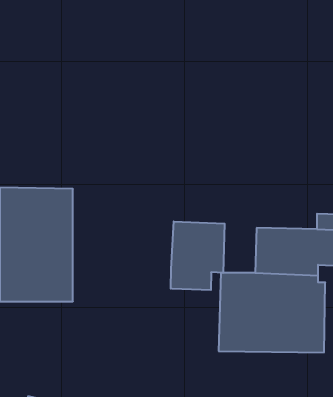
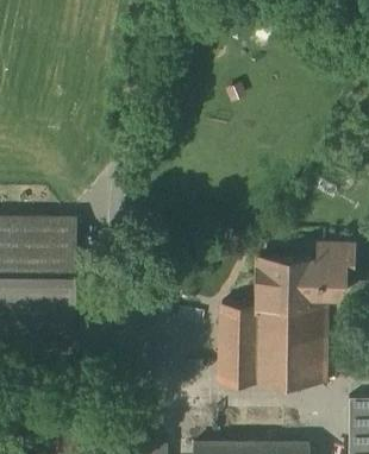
building: [171,221,225,290] -> none

